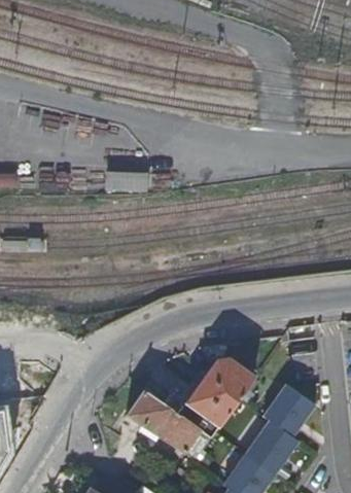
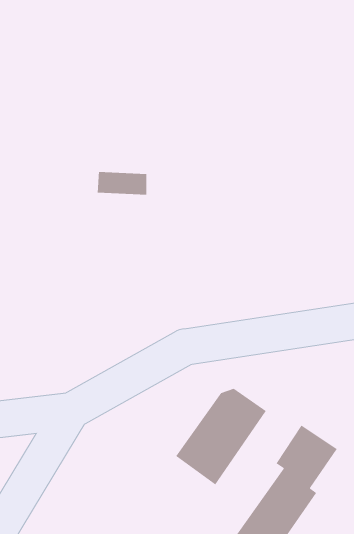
building: [128,389,211,459] -> none

